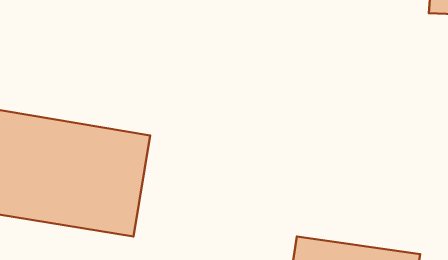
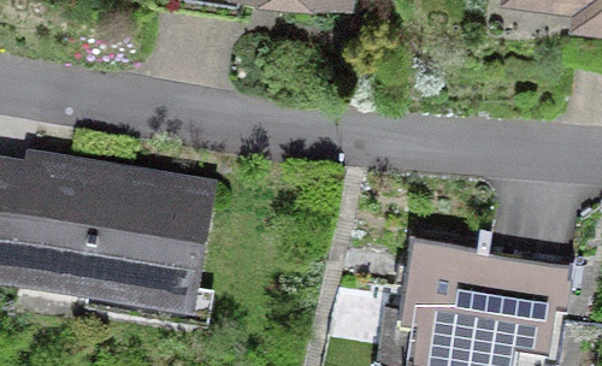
building: none -> [403,246,573,341]

